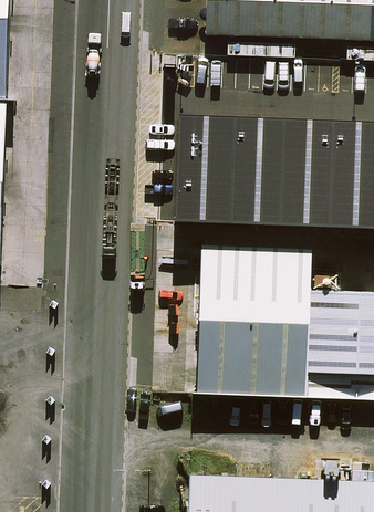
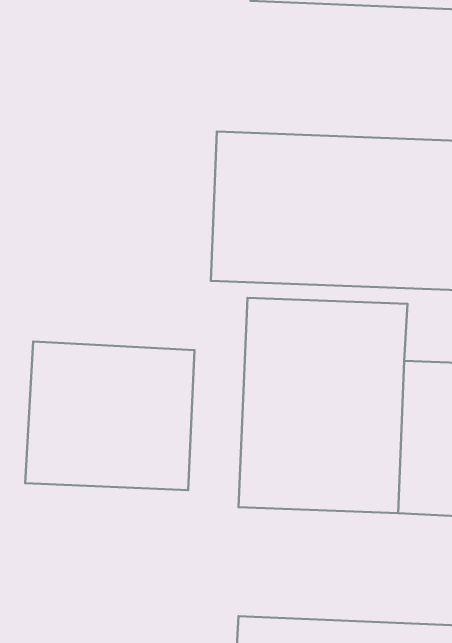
building: none -> [25,341,194,490]

